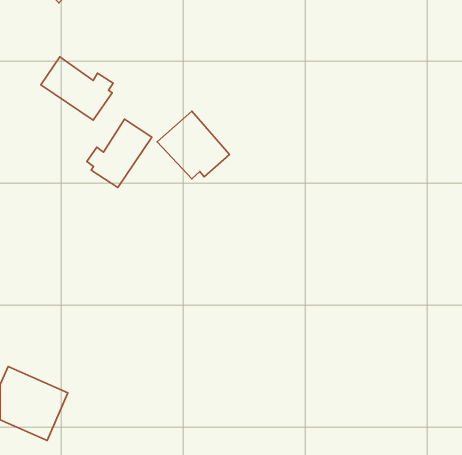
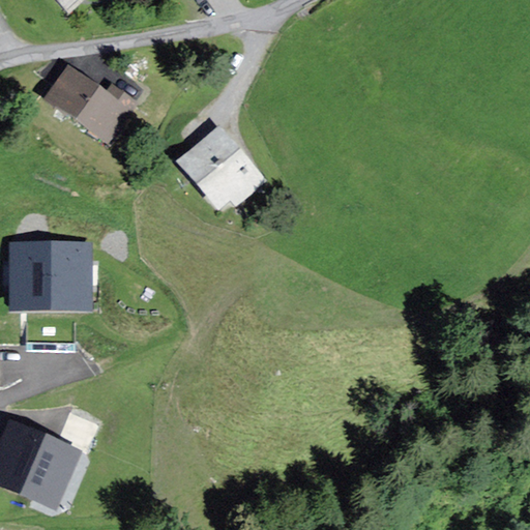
building: [87,119,152,187] -> none
building: none -> [12,242,88,311]

